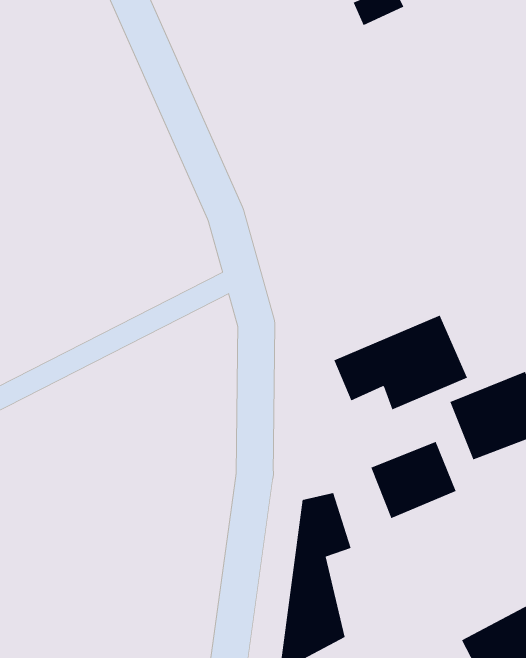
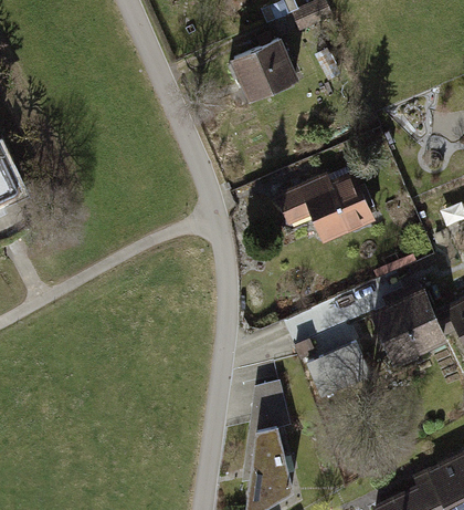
building: none -> [232,38,299,103]
building: [333,315,468,410] -> [277,166,379,238]

